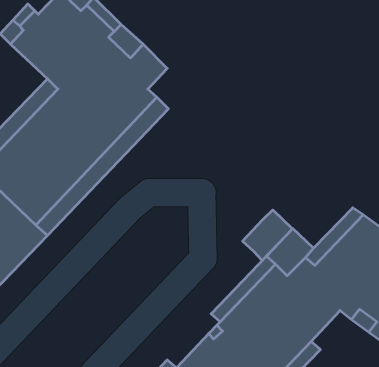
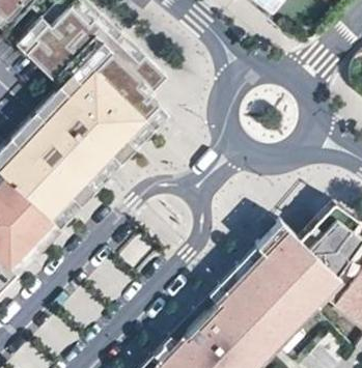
building: [243,210,292,260] -> none

